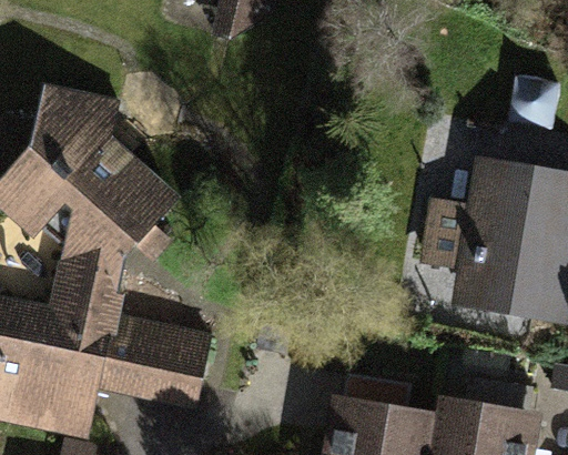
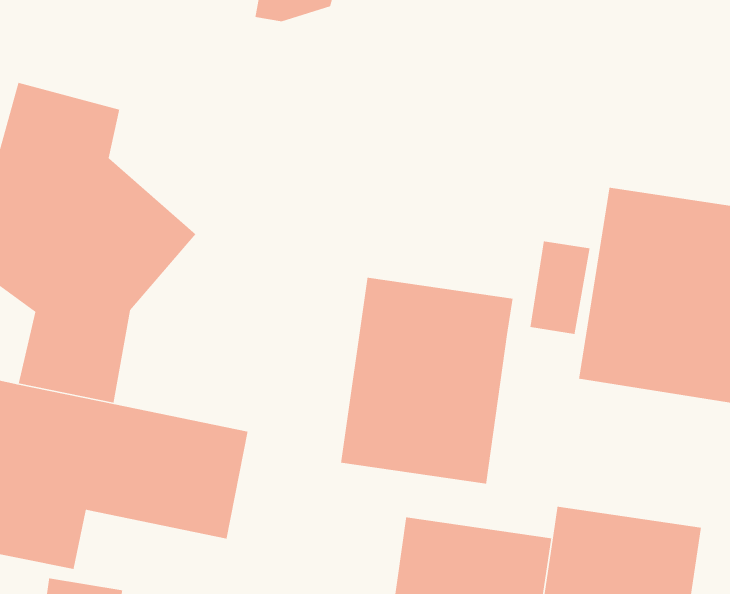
building: none -> [340,277,513,485]

